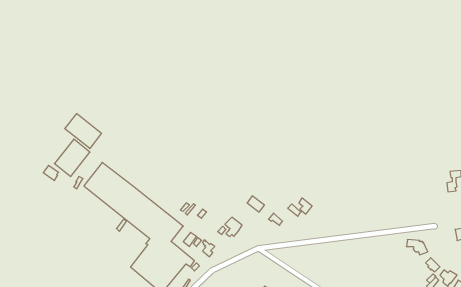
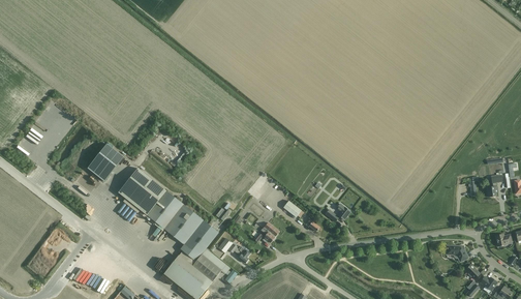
building: [65,114,101,149] -> none

